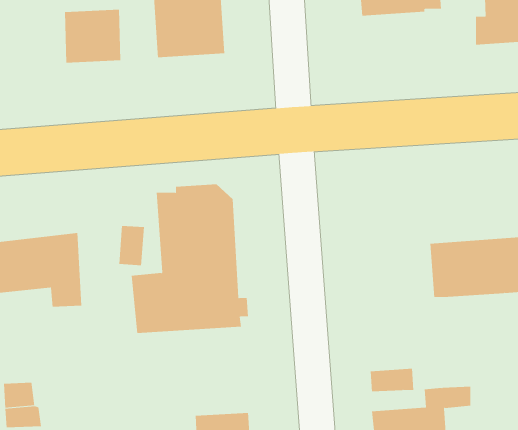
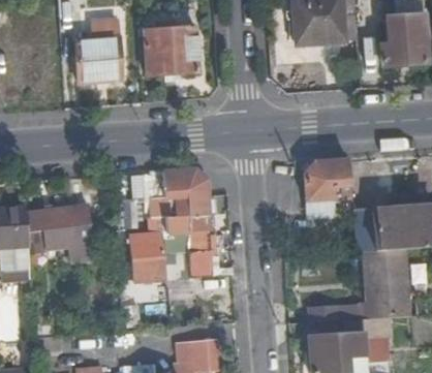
building: none -> [302,161,348,220]
building: none -> [359,250,411,320]

